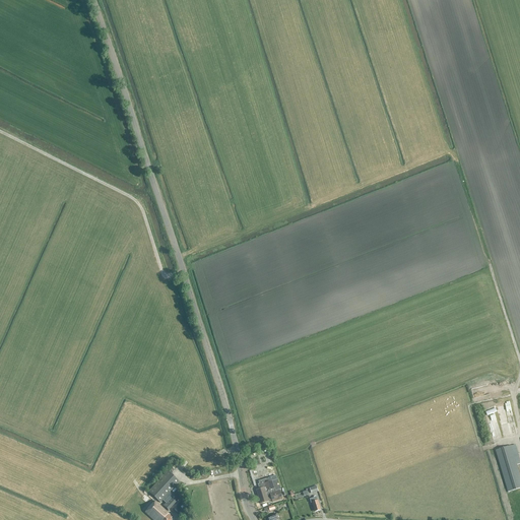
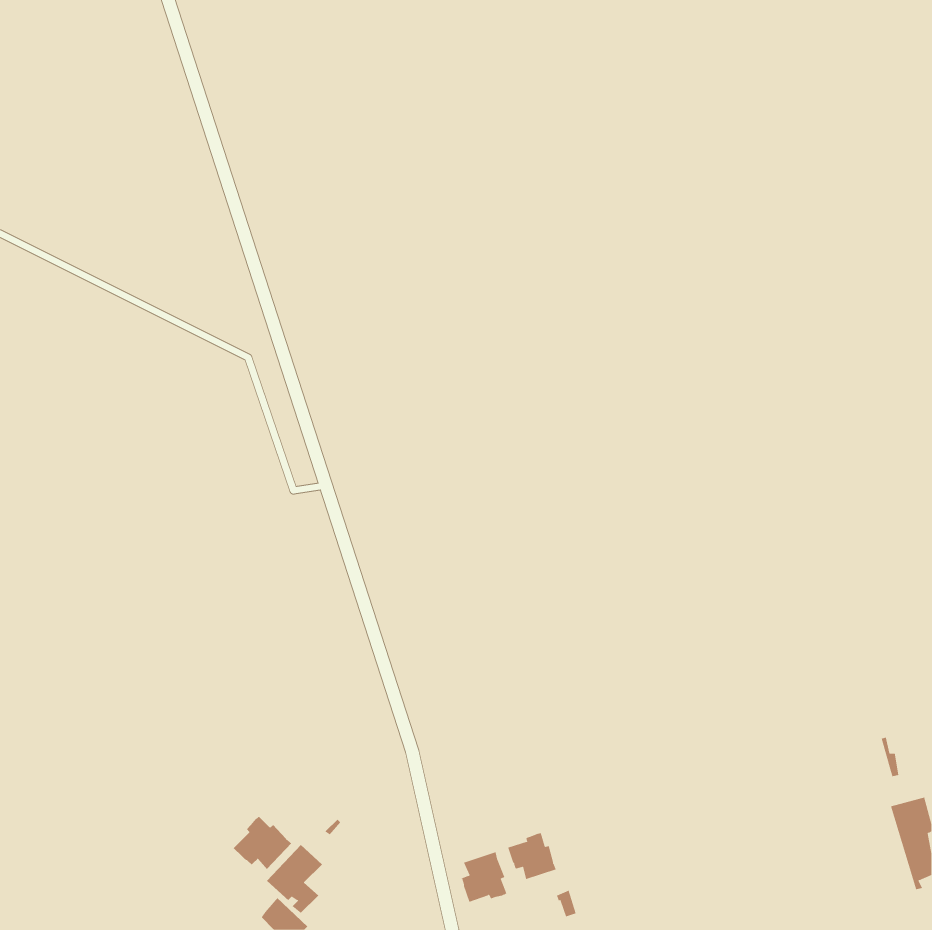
building: none -> [233,816,292,870]
building: none -> [507,832,556,880]

